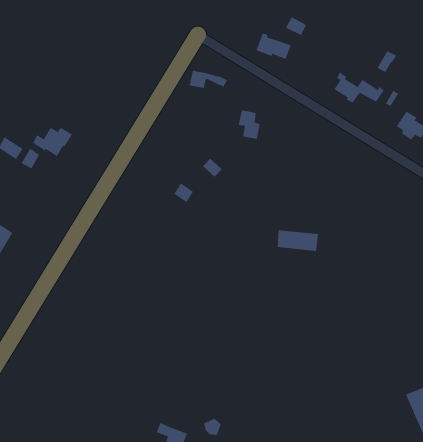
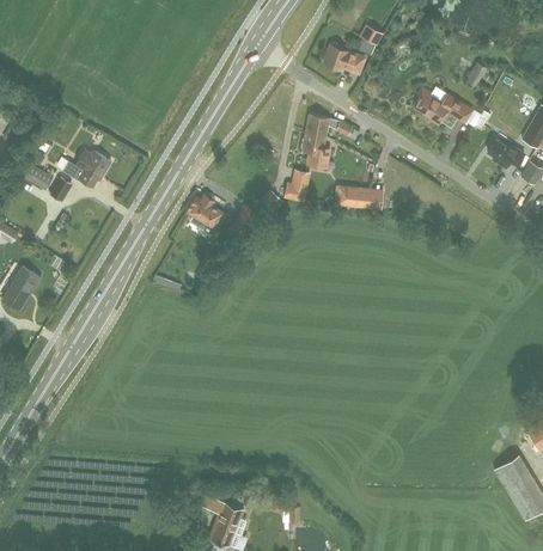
building: [189,70,228,88] -> [306,114,352,135]
building: none -> [285,167,310,200]
building: none -> [185,194,222,228]
building: [277,230,319,251] -> [334,184,383,209]

